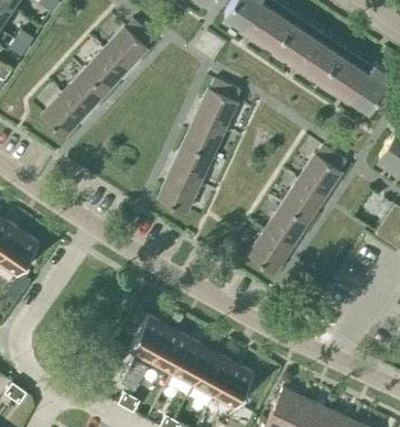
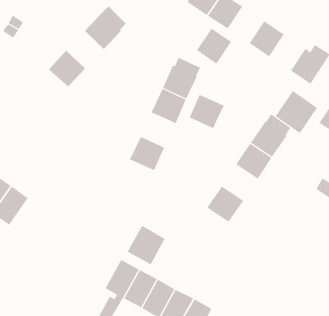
building: [273,21,315,64] -> [196,28,232,64]
building: [84,50,128,94] -> none
building: [322,54,364,96] -> none
building: [42,95,86,139] -> none
building: none -> [275,90,318,134]
building: [171,145,213,186] -> [189,94,225,129]
building: [266,206,309,249] -> none
building: none -> [127,225,165,265]

